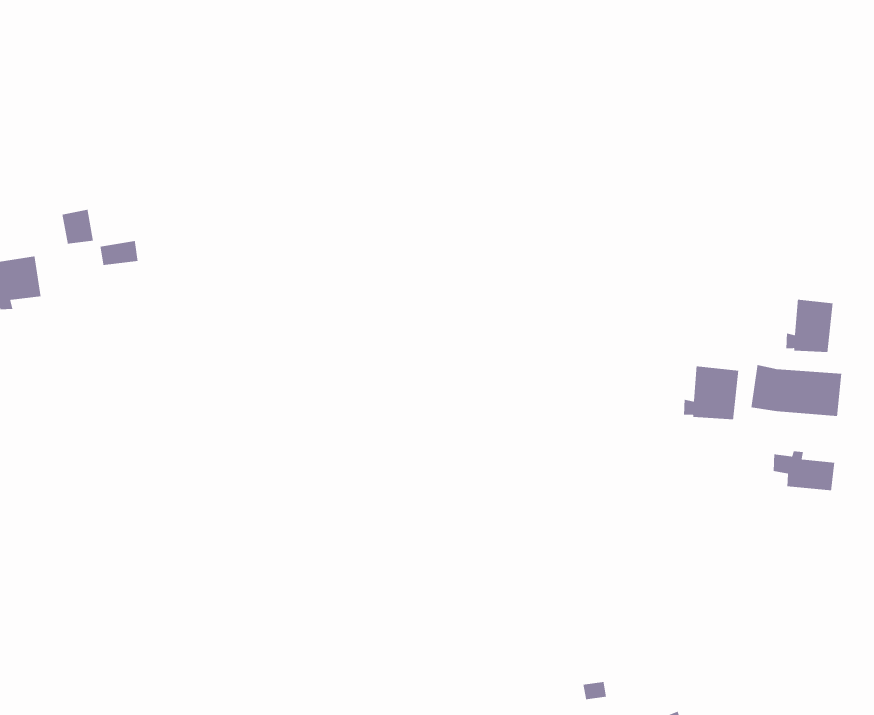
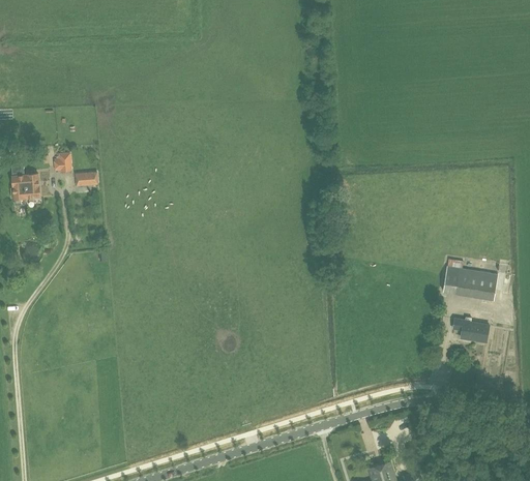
building: [786,299,833,353] -> none
building: [683,366,739,420] -> none

